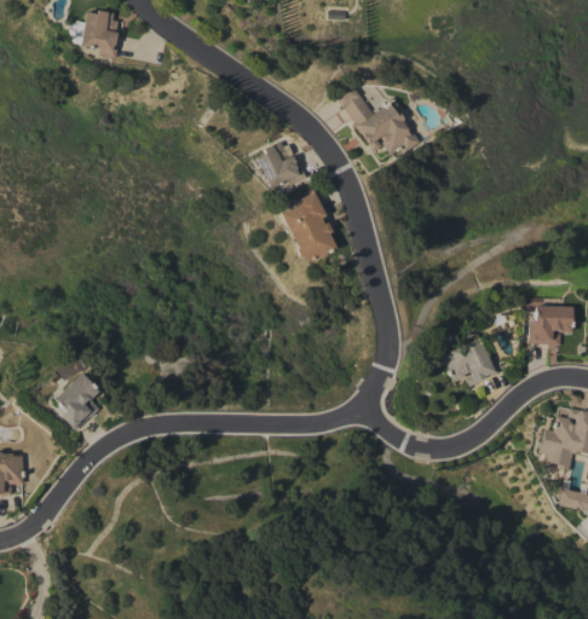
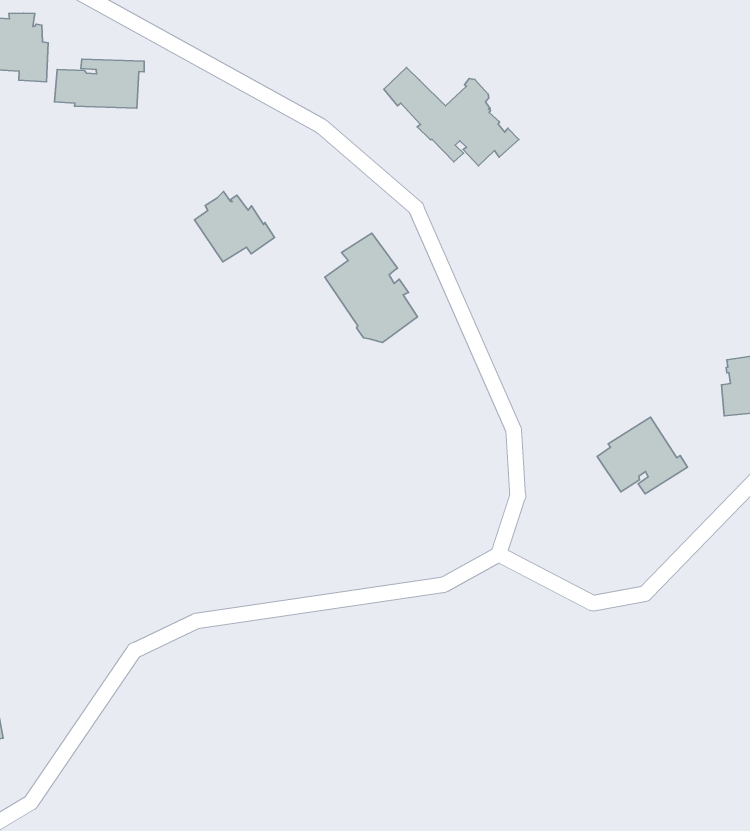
building: none -> [54,59,144,108]
building: [255,143,306,189] -> [194,192,275,262]
building: [54,374,100,430] -> none

